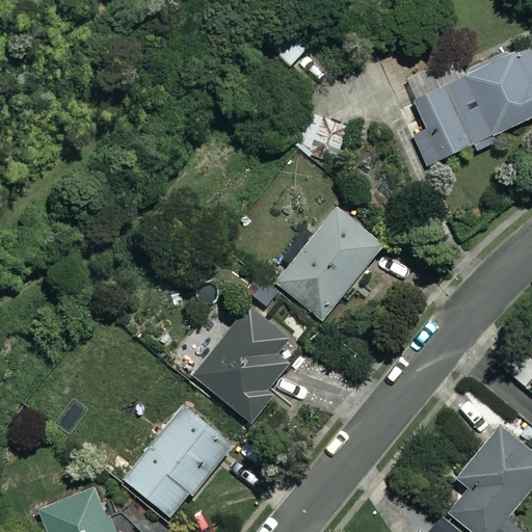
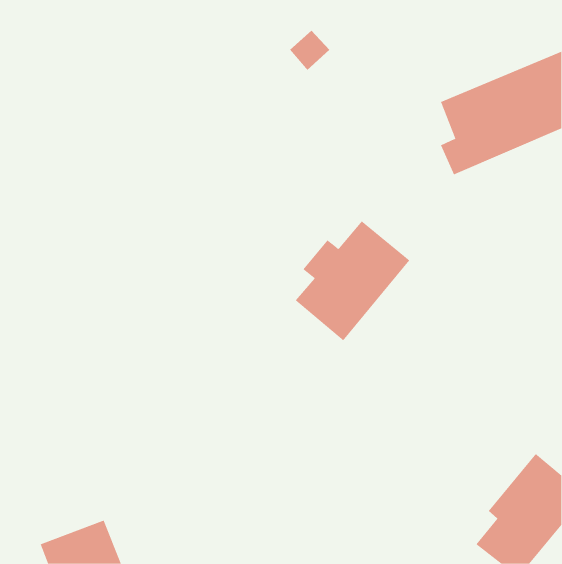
building: [189,304,294,425] -> none
building: [125,406,234,517] -> none

